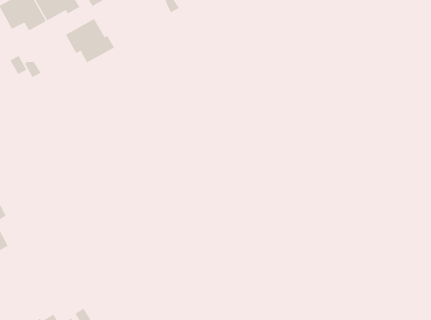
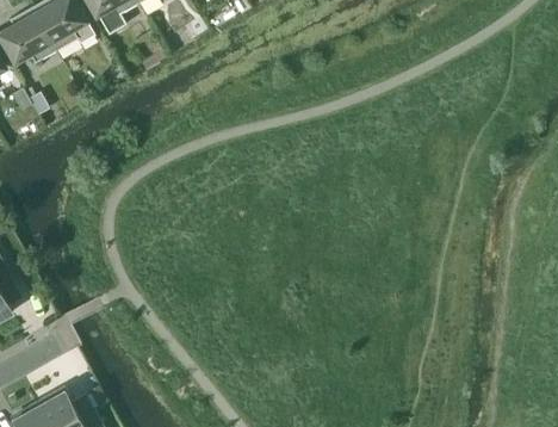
building: [65,18,115,63] -> none

